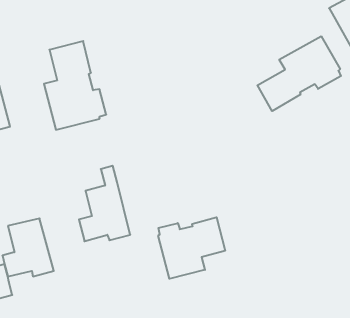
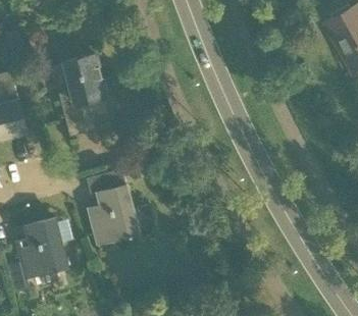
building: [257,36,341,111] -> none
building: [158,217,225,279] -> none

